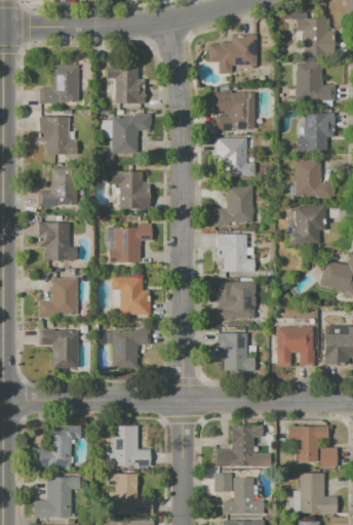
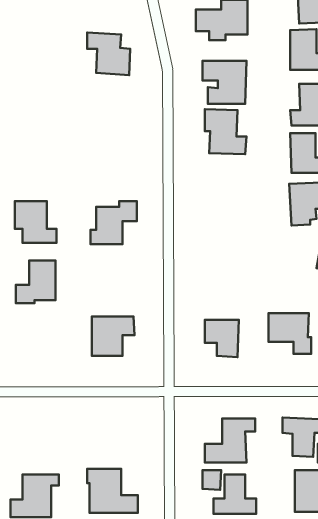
building: [39,65,77,105] -> none
building: [112,114,153,154] -> none
building: [41,117,72,154] -> none
building: [39,168,74,206] -> none
building: [112,170,149,209] -> none
building: [215,186,259,227] -> none
building: [218,234,256,274] -> none
building: [113,276,152,315] -> none
building: [215,281,254,326] -> none
building: [40,328,78,367] -> none
building: [34,426,82,469] -> none
building: [106,426,152,467] -> none

